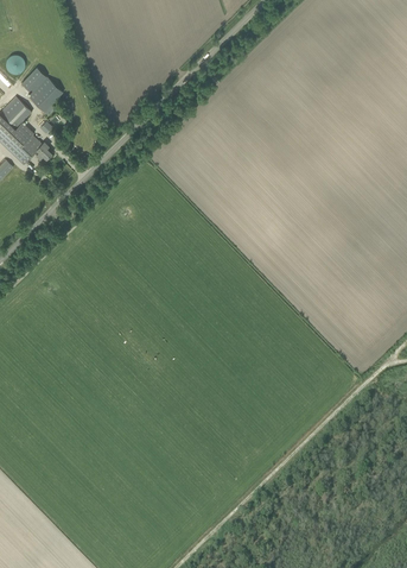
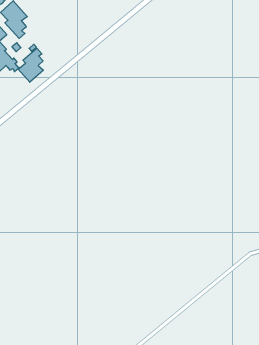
building: none -> [18,48,43,82]

